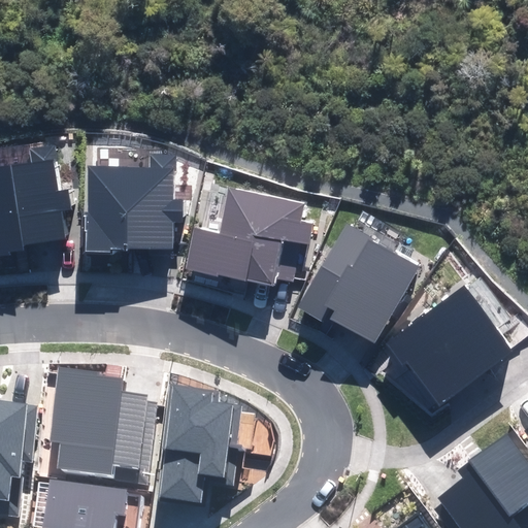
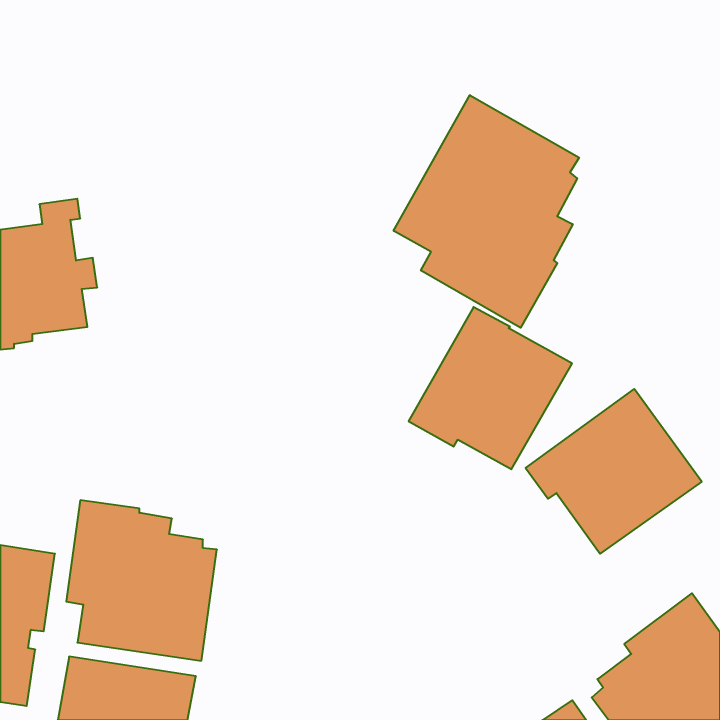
building: none -> [394,95,579,328]
building: [85,155,184,253] -> none
building: [186,188,314,286] -> none
building: [157,384,244,503] -> none

